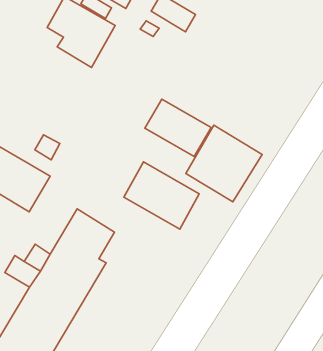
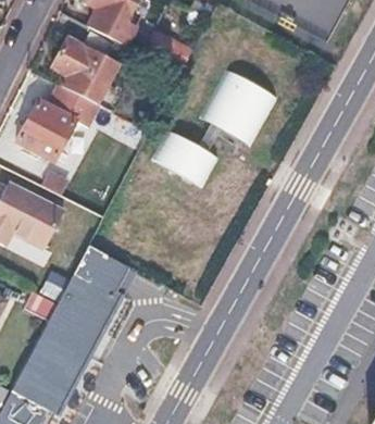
building: none -> [14,84,98,162]
building: [186,125,262,202] -> [201,71,275,145]
building: [124,162,199,229] -> none

